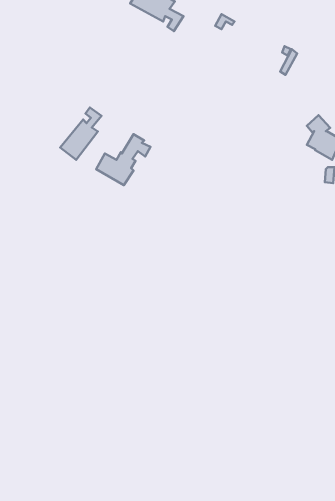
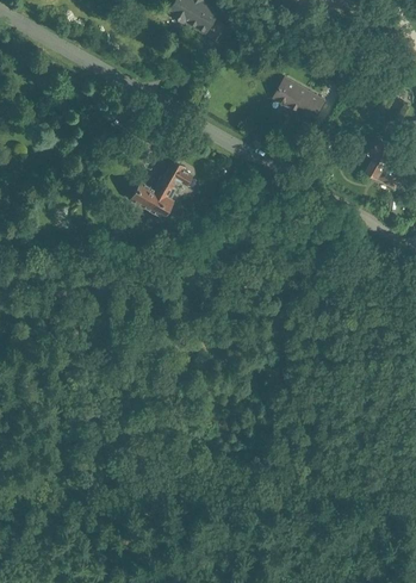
building: none -> [275,80,325,122]
building: [60,108,101,160] -> none

